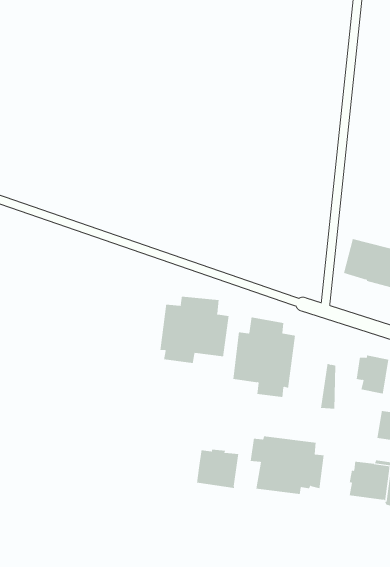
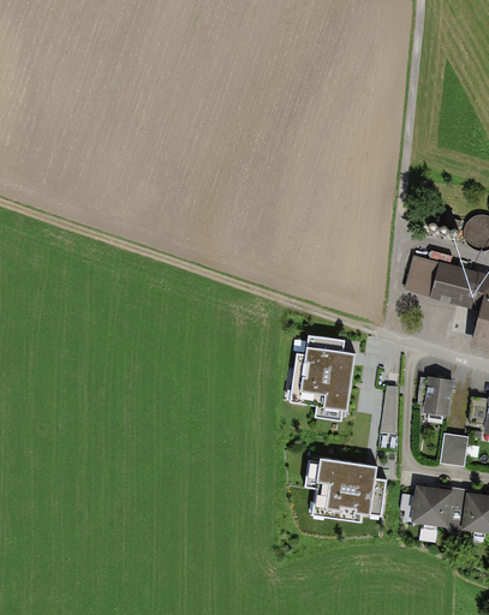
building: [160,296,229,364] -> none
building: [196,449,239,489] -> none

